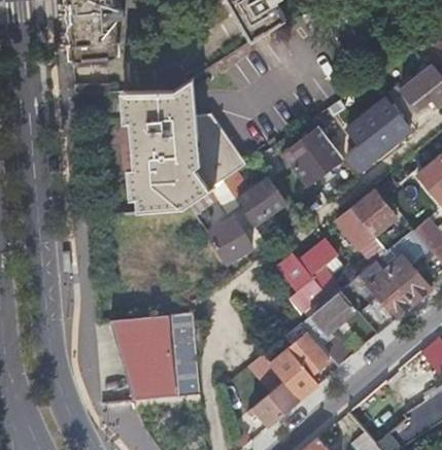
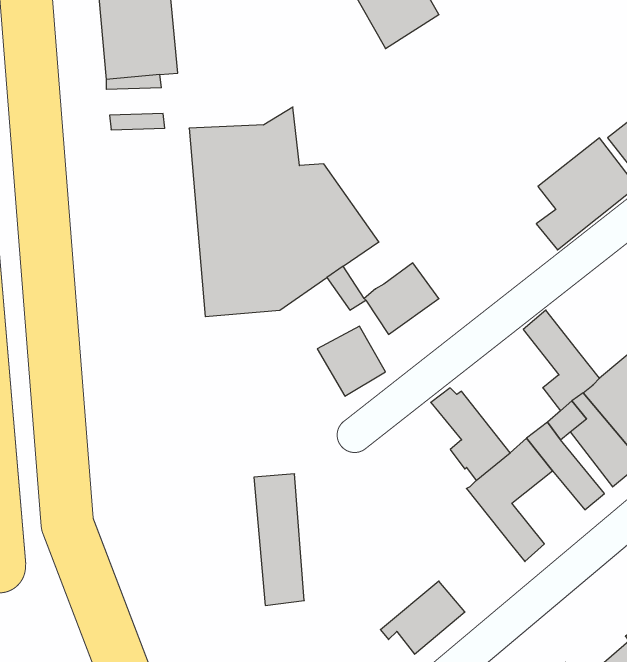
building: [284,117,343,183] -> none
building: [352,191,396,235] -> none
building: [299,238,340,298] -> none
building: [111,313,174,399] -> none
building: [271,320,331,399] -> none

